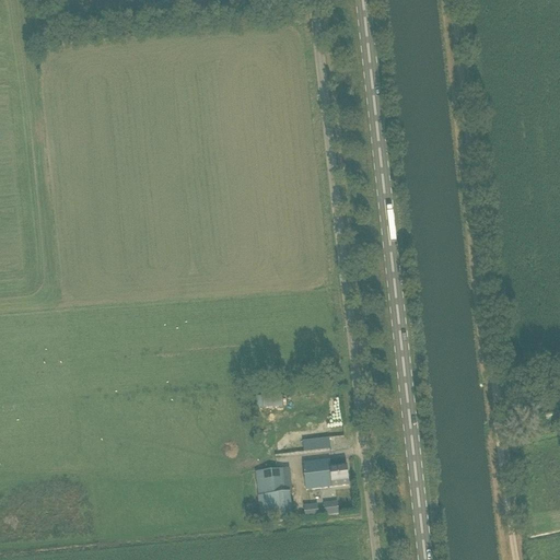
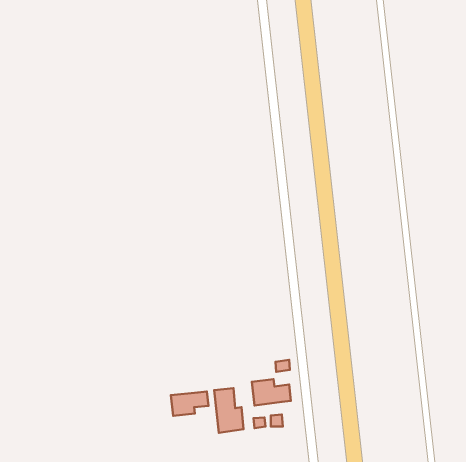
building: none -> [171,391,208,416]

